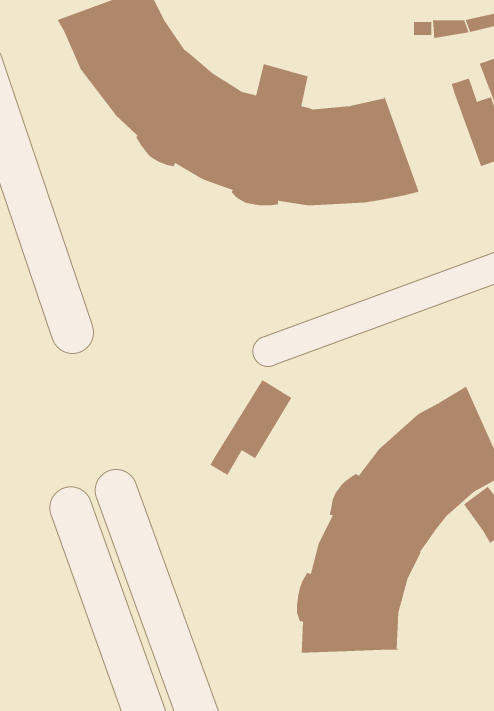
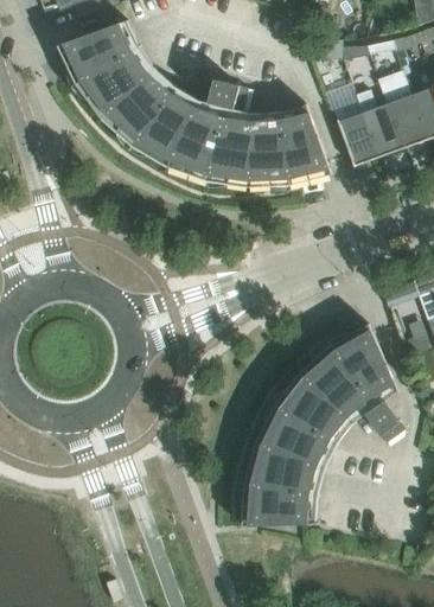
building: none -> [334,101,379,166]
building: [209,379,292,476] -> none

